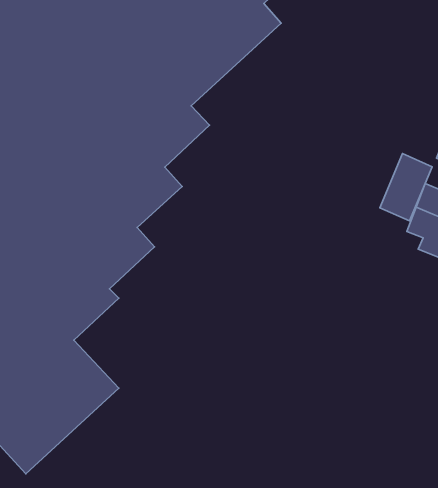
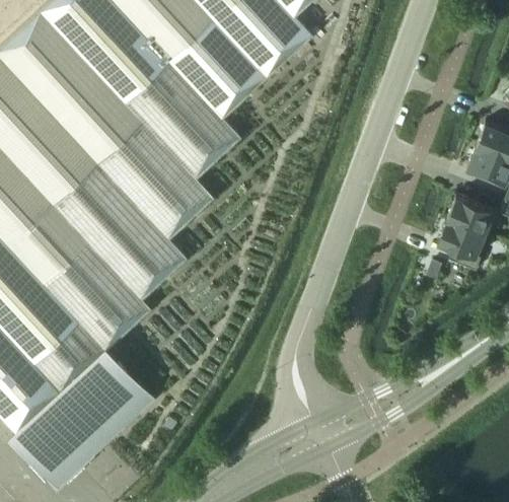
building: [380,154,432,221] -> none

